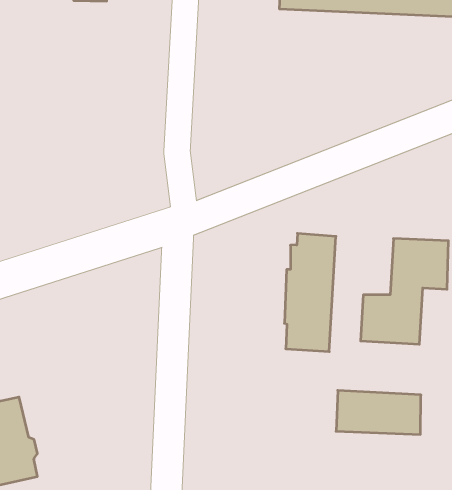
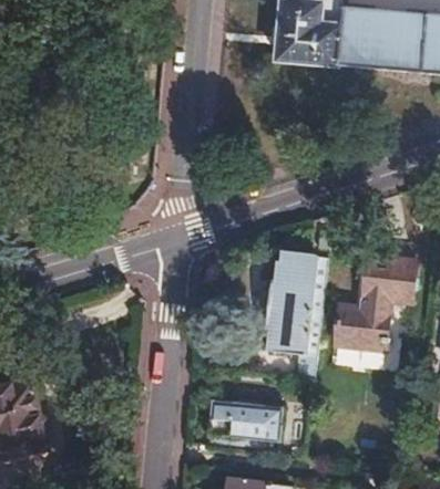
building: [336,390,421,434] -> [206,398,282,440]

